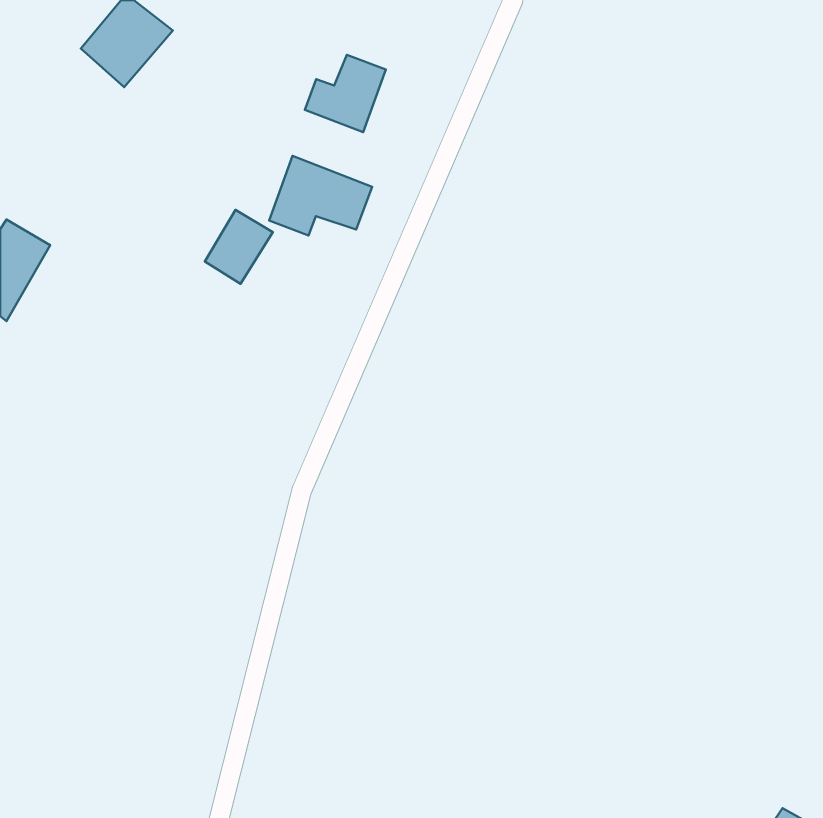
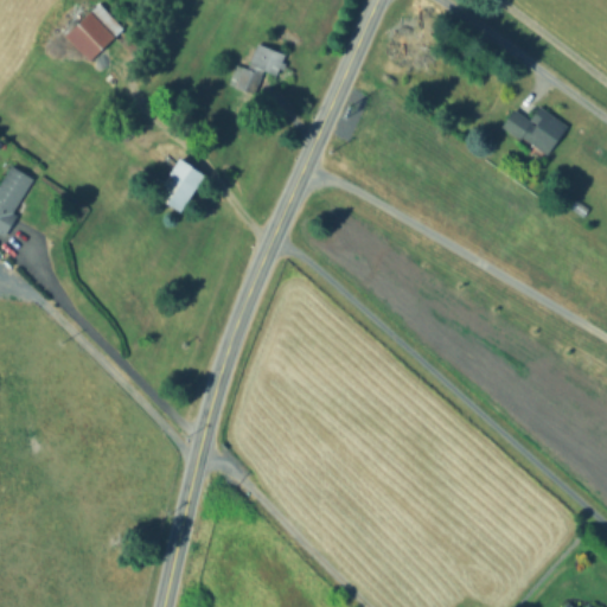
building: none -> [505,106,569,154]
building: [269,156,372,236] -> none

